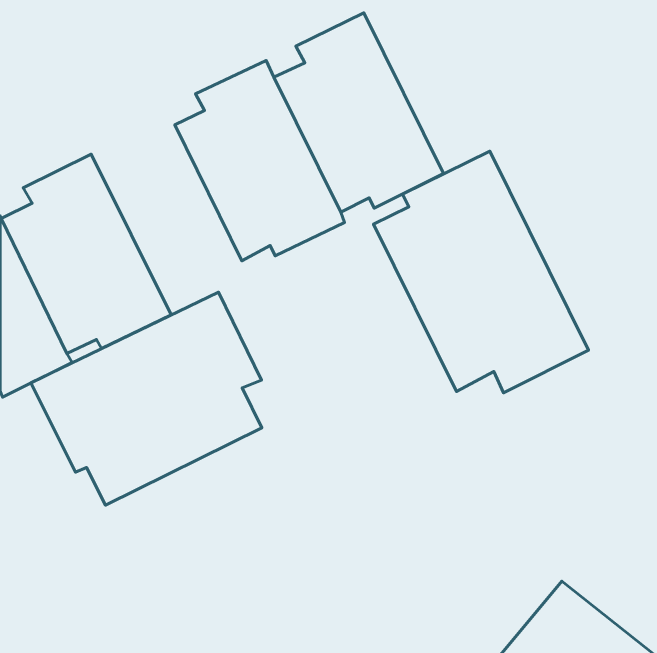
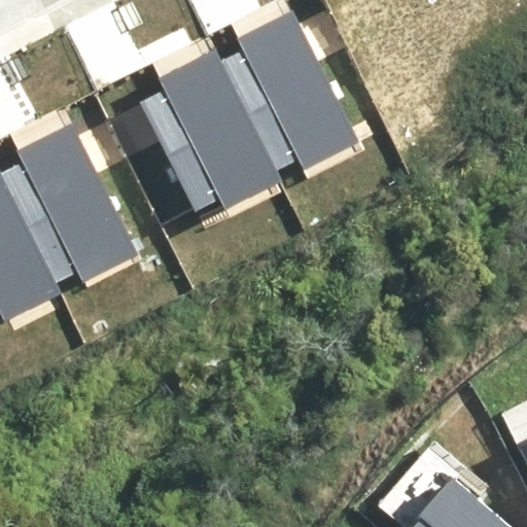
building: [373,151,589,393] -> none
building: [31,292,262,505] -> none

